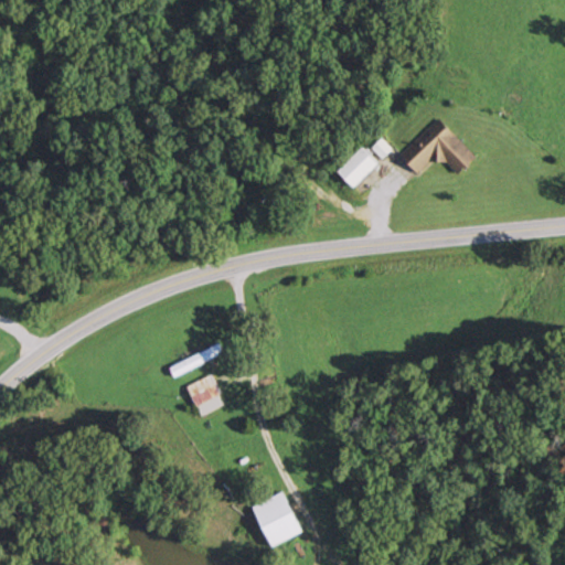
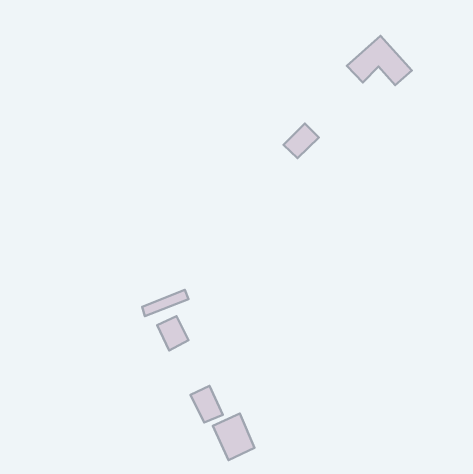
building: [399,119,477,178] -> [347,36,412,85]
building: none -> [191,386,223,423]

